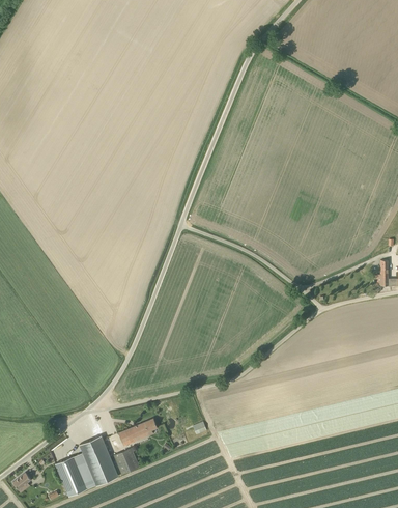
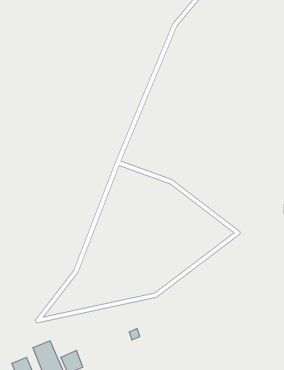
building: [117,419,155,443] -> none

